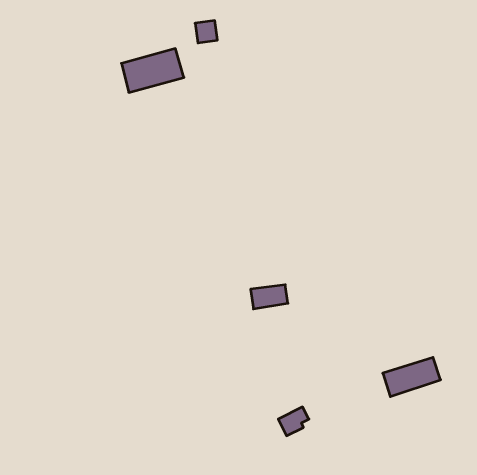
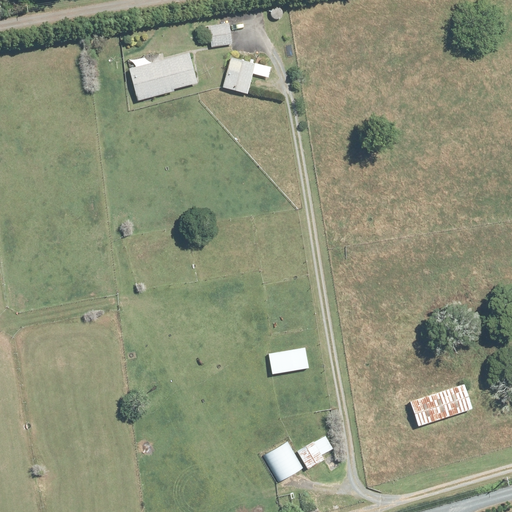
building: none -> [224,58,271,93]
building: [251,285,288,309] -> [269,347,309,373]
building: none -> [264,441,303,481]

